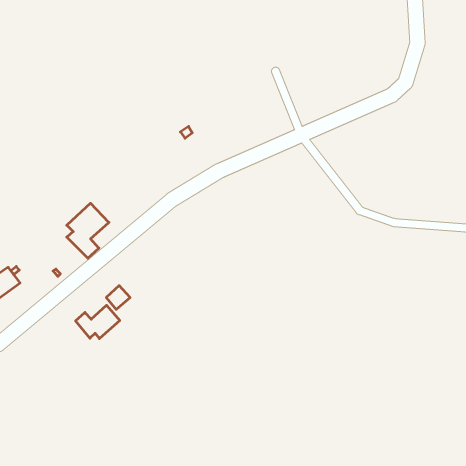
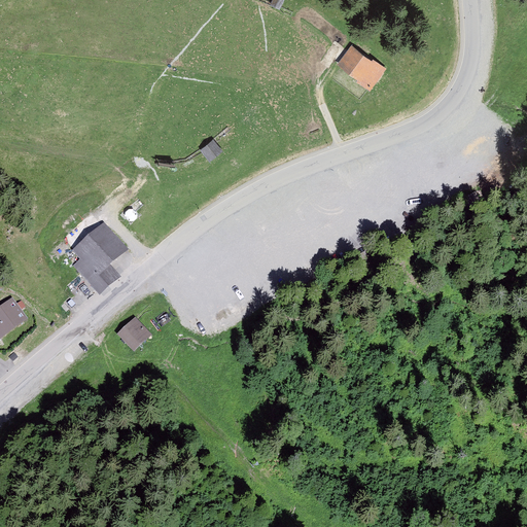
building: none -> [340,46,382,86]
building: [76,305,120,339] -> none

